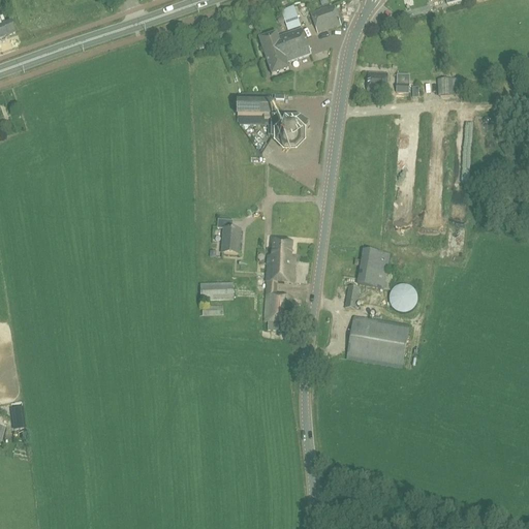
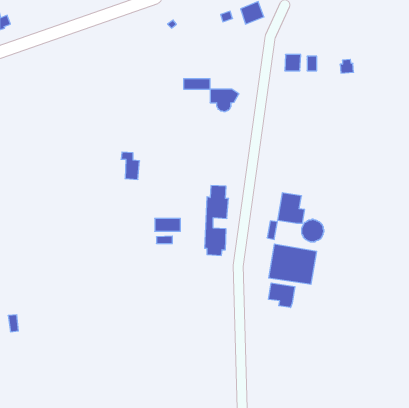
building: [257,26,310,72] -> none
building: [216,217,240,252] -> [121,152,140,179]
building: none -> [269,283,295,308]

